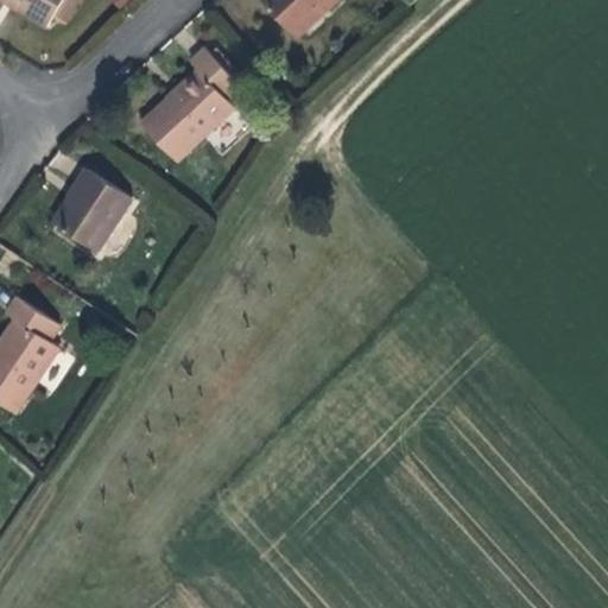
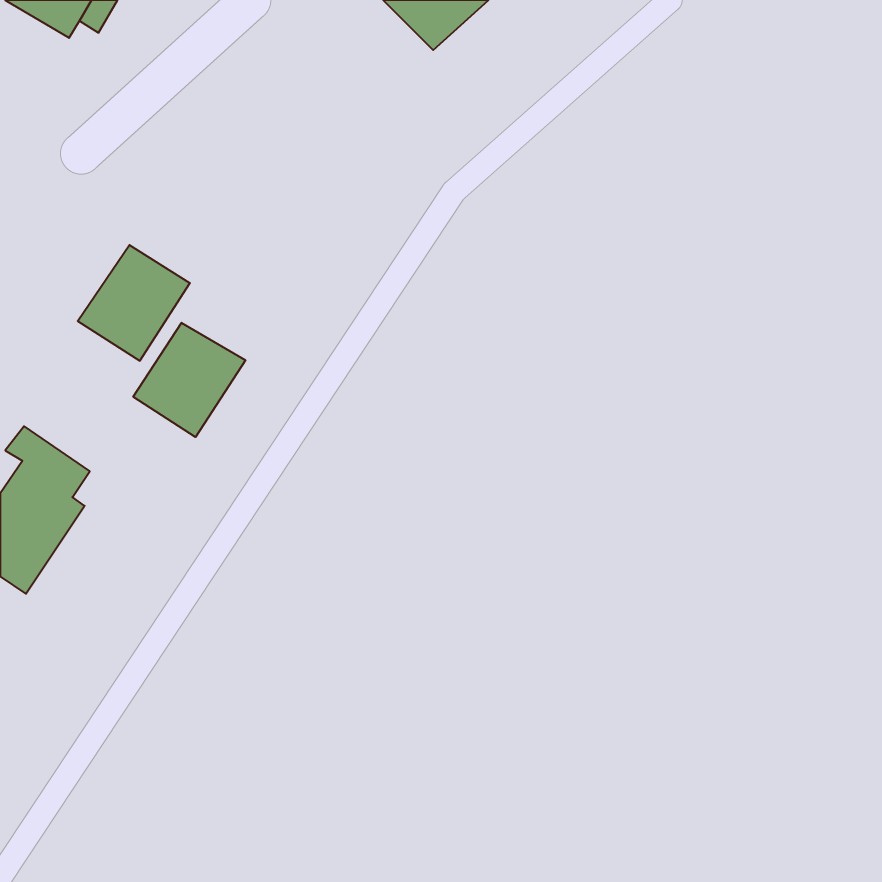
building: [140,48,241,160] -> none
building: none -> [133,323,245,437]

